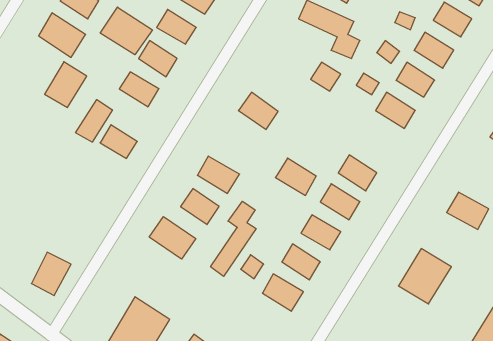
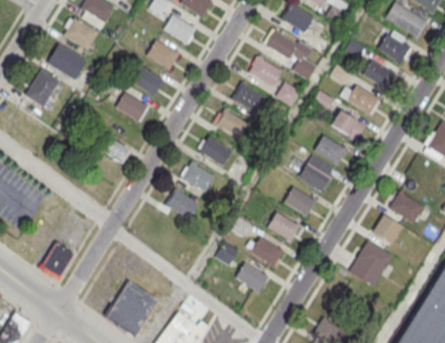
building: [100,7,152,55] -> none
building: none -> [249,58,284,89]
building: [45,62,87,108] -> [25,68,61,106]
building: none -> [233,85,265,114]
building: [76,100,112,142] -> none
building: none -> [314,135,347,164]
building: [275,158,316,195] -> [198,136,232,167]
building: [211,201,256,276] -> none
building: [149,217,196,259] -> none
building: none -> [372,215,403,244]

